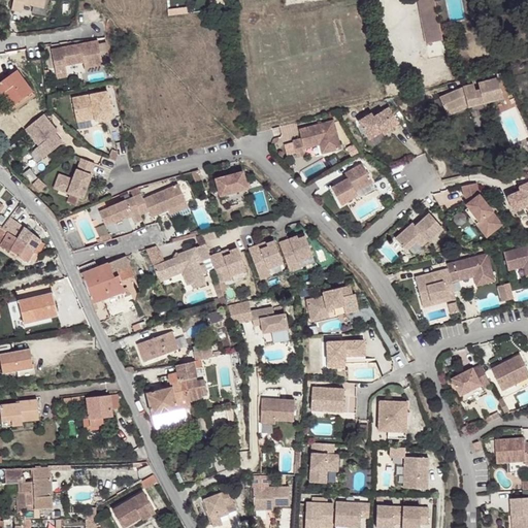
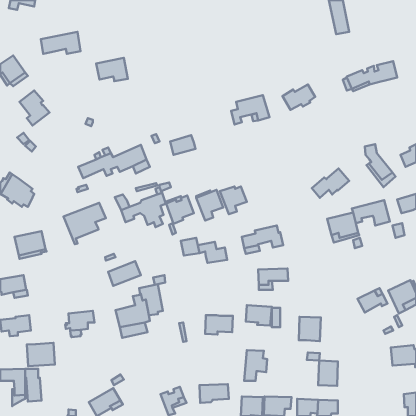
building: [72,91,112,121] -> [96,58,128,81]
building: [54,158,95,199] -> none
building: [331,164,372,205] -> none
building: none -> [27,343,55,366]

